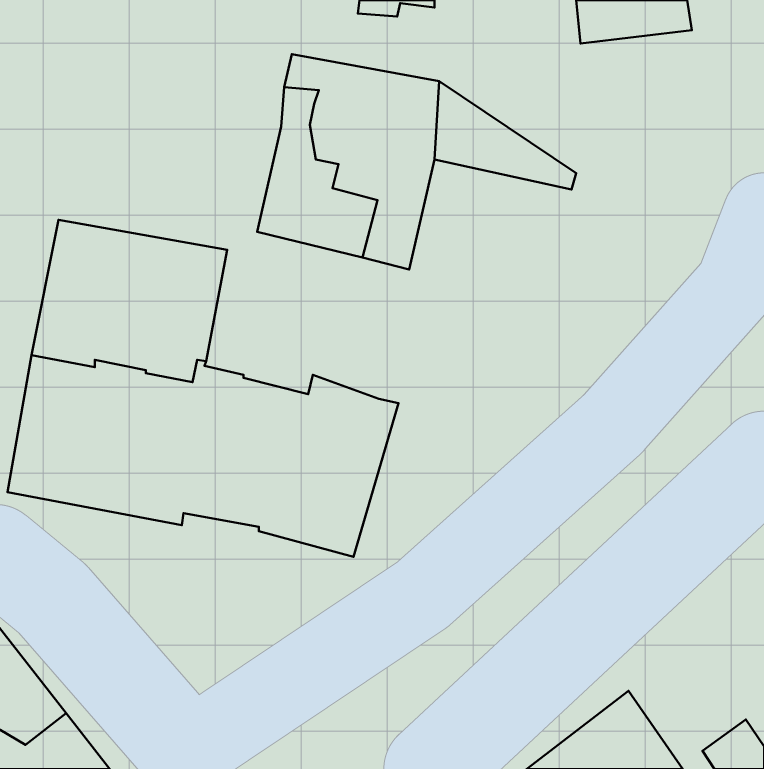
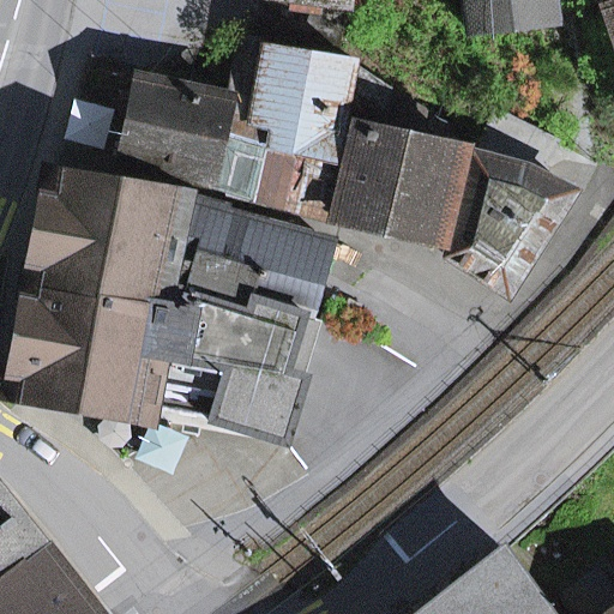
building: none -> [118,82,224,185]
building: none -> [443,110,568,296]
building: none -> [326,127,456,240]
building: none -> [163,199,325,318]

